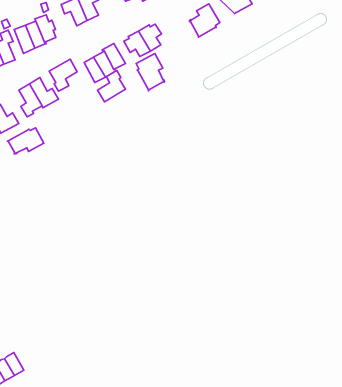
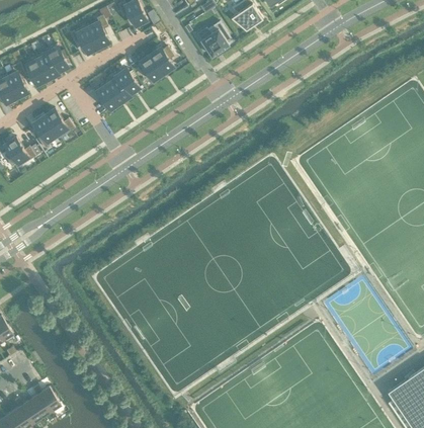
building: [136,53,164,91] -> none
building: [49,59,77,91] -> none
building: [98,71,125,102] -> none
building: [7,128,44,154] -> none

